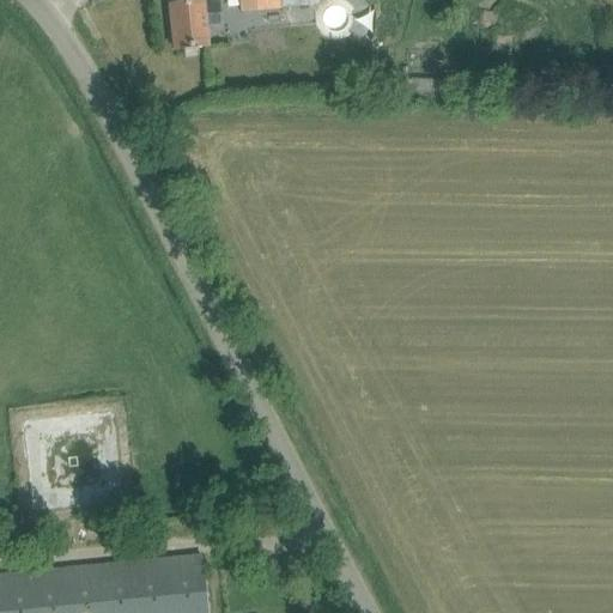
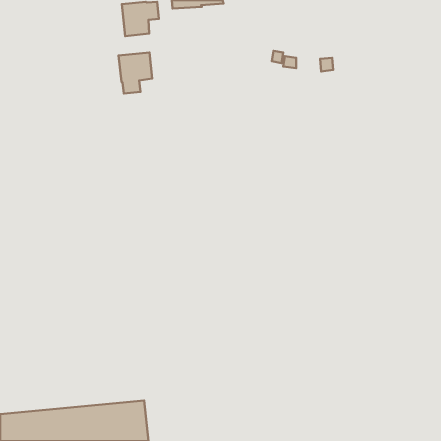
building: none -> [119,52,152,94]

